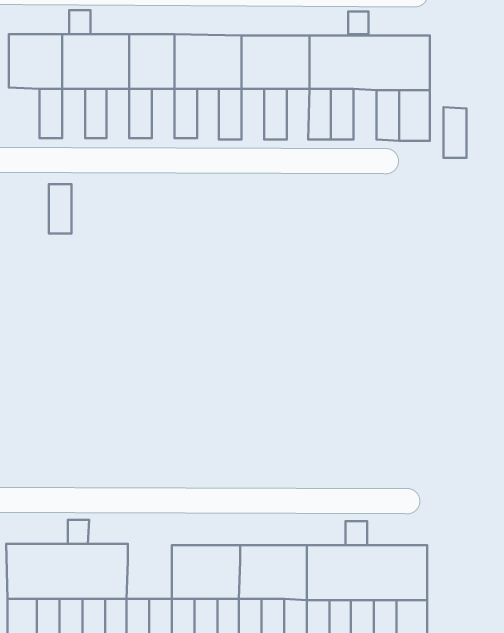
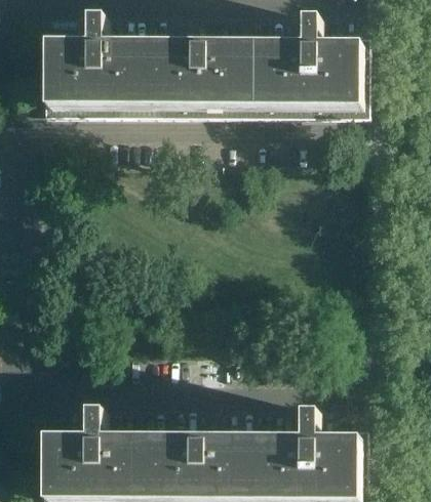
building: none -> [41,80,65,119]
building: none -> [116,81,133,119]
building: none -> [151,81,168,119]
building: none -> [186,81,202,120]
building: none -> [220,81,237,120]
building: none -> [254,81,272,120]
building: [444,107,466,158] -> [306,81,323,120]
building: [49,184,72,233] -> [82,81,100,119]
building: none -> [131,430,166,472]

